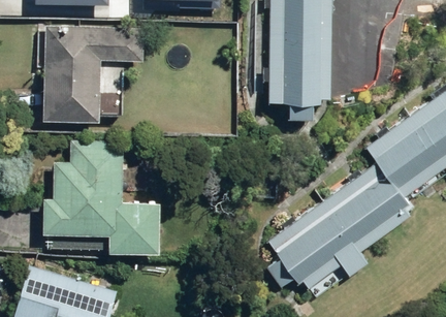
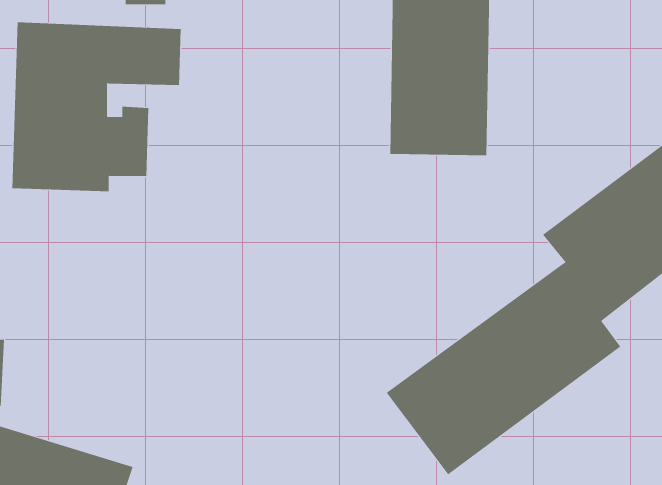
building: [41,140,161,254] -> none

